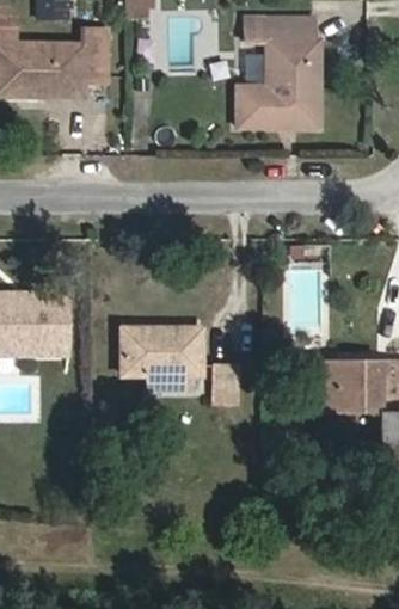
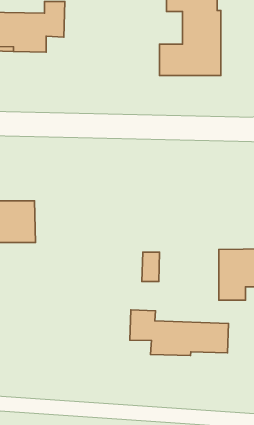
building: [122,327,201,388] -> none
building: none -> [130,310,228,355]

